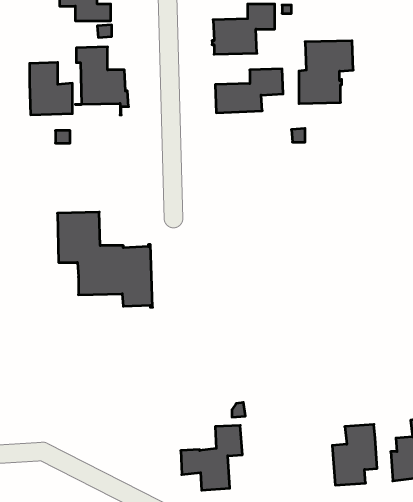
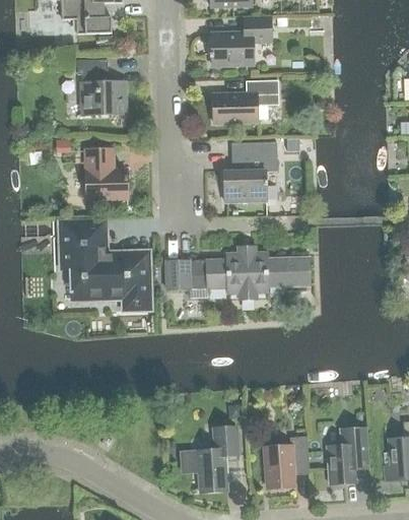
building: [299,41,353,104] -> [224,142,277,203]
building: [30,62,72,115] -> [85,148,127,199]
building: none -> [164,246,309,300]
building: none -> [264,436,309,489]

